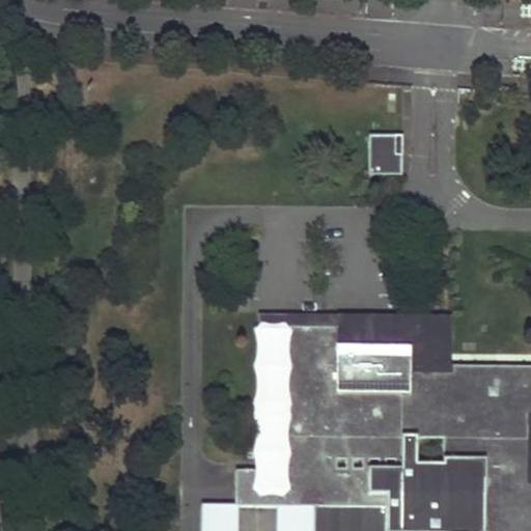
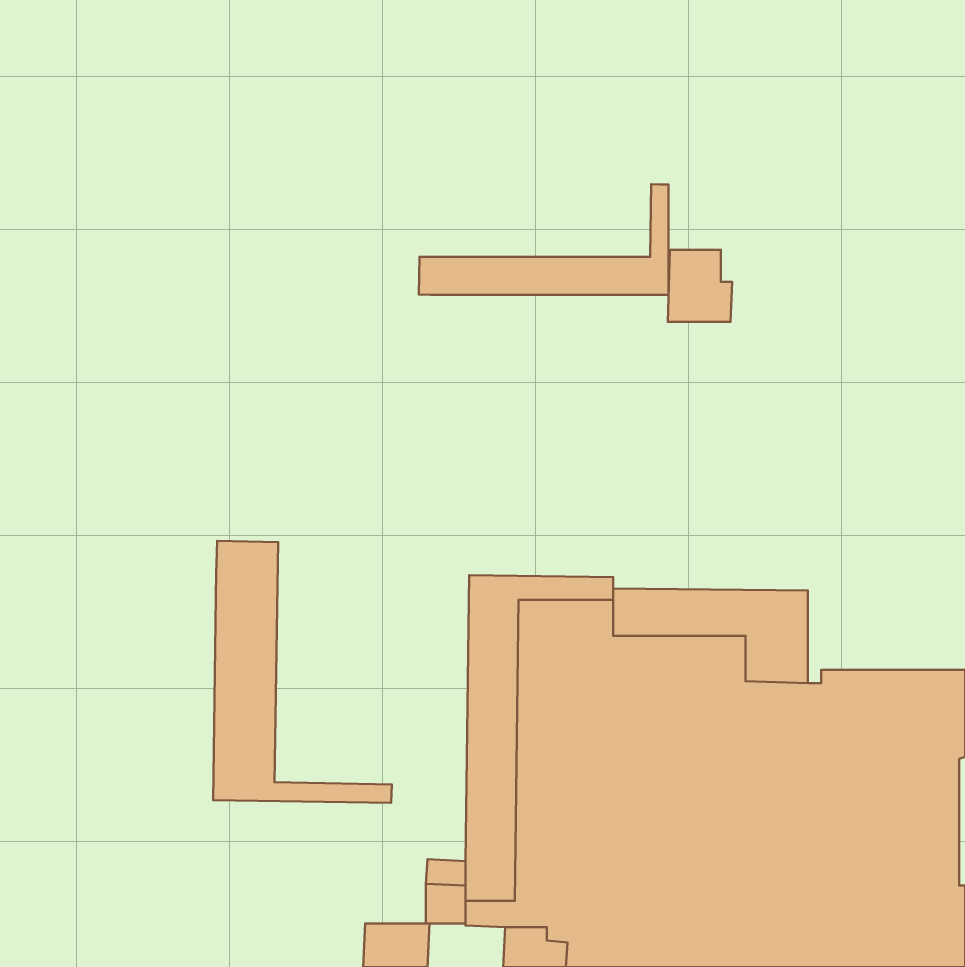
building: none -> [419,184,669,295]
building: none -> [213,541,392,803]

